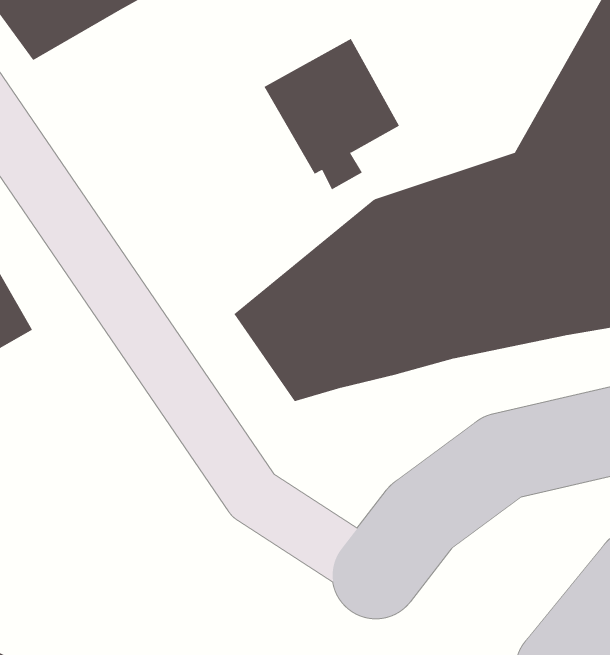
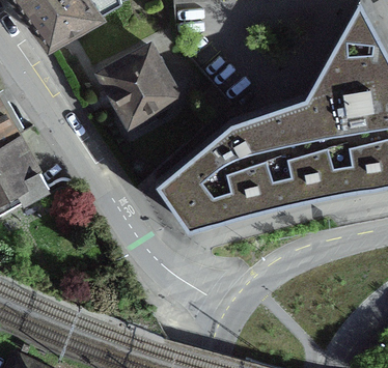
building: [263,38,400,190] -> [103,52,175,133]

